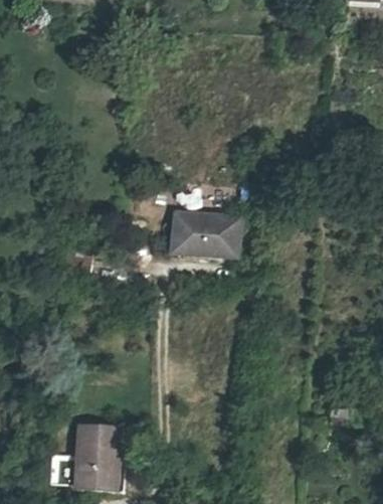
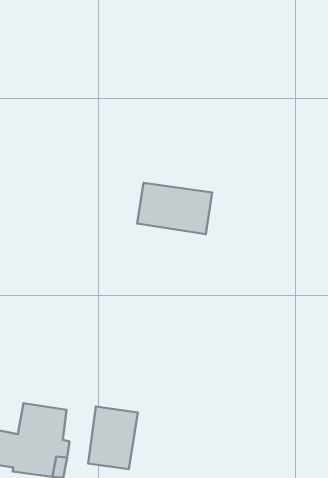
building: none -> [88,407,138,469]

